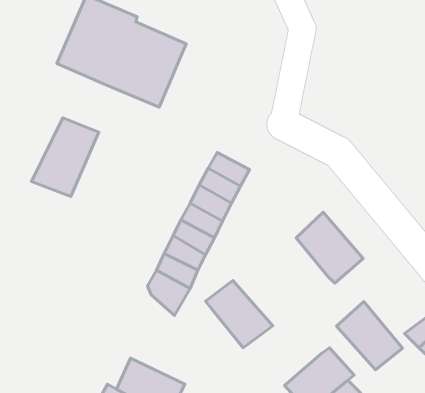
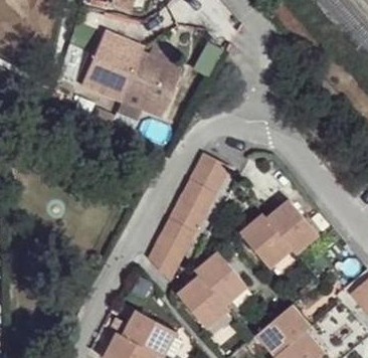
building: [32,118,99,197] -> none
building: [337,301,403,370] -> [239,214,291,267]
building: none -> [178,275,229,329]

